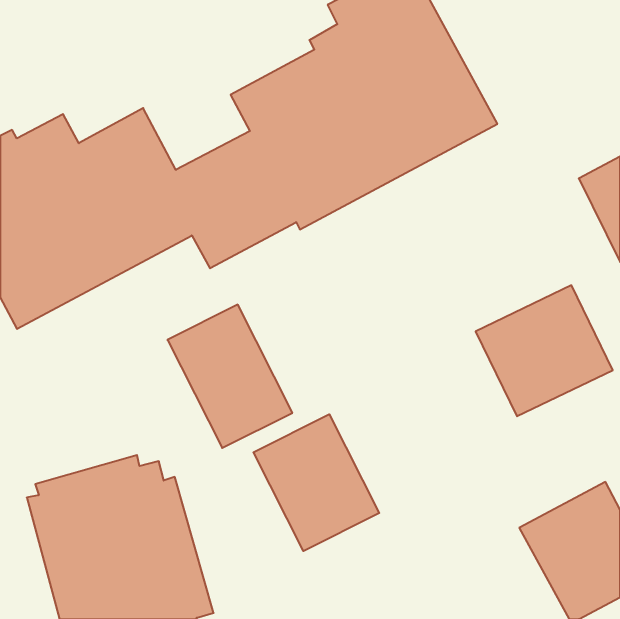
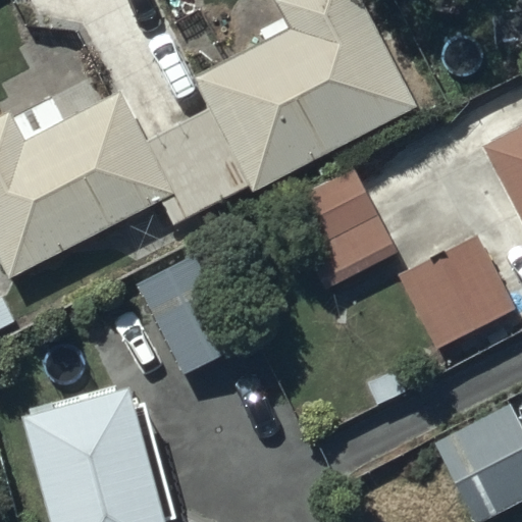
building: none -> [294,169,396,290]
building: [253,414,379,551] -> none

